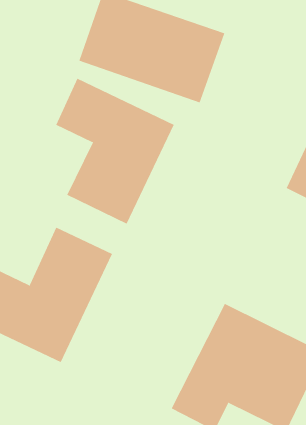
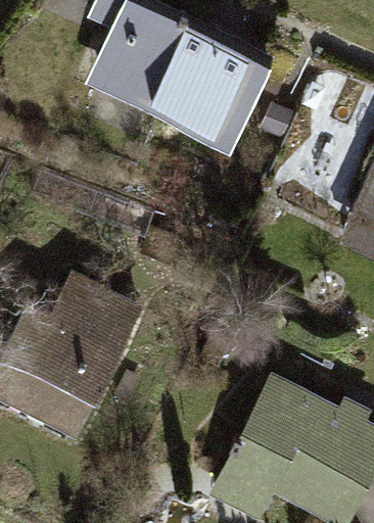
building: [55,78,174,224] -> none

